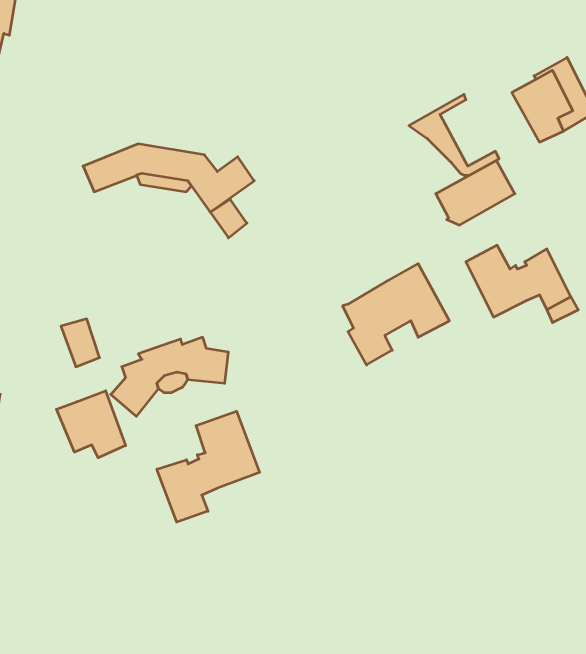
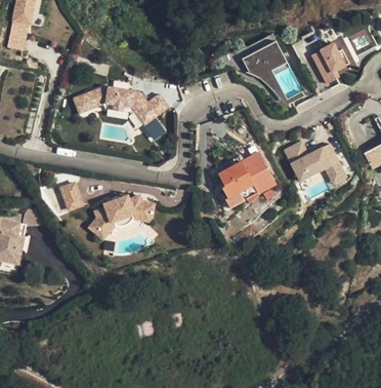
building: [436,161,515,225] -> [240,39,284,75]
building: [56,391,126,458] -> none
building: [157,411,260,522] -> none

